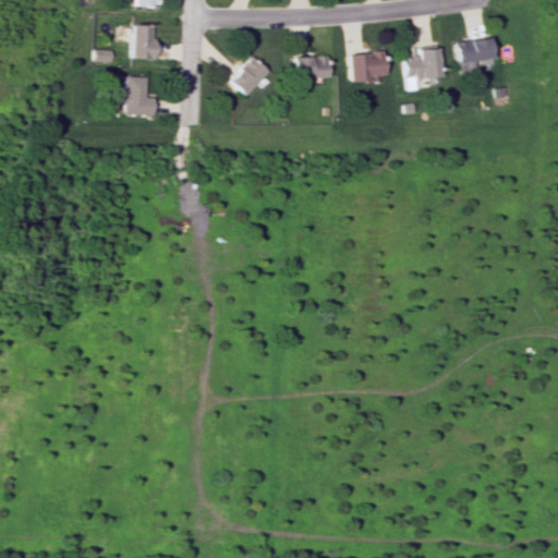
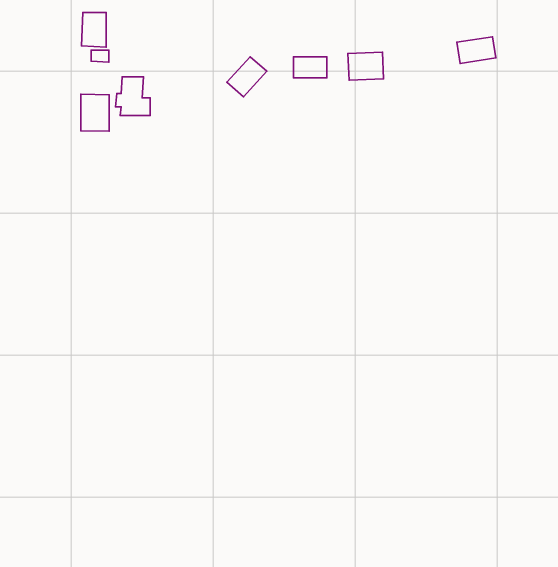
building: [134,25,158,59] -> [82,13,106,47]
building: [405,49,442,78] -> none
building: none -> [81,94,109,131]

